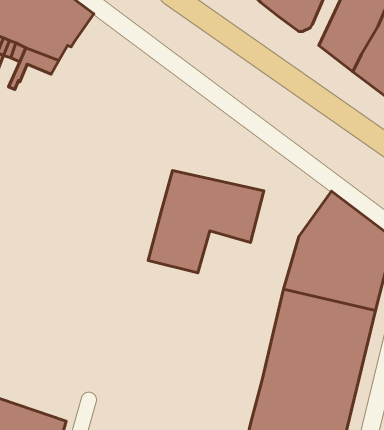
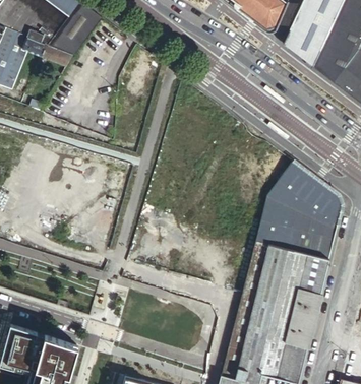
building: [148,171,264,273] -> none

